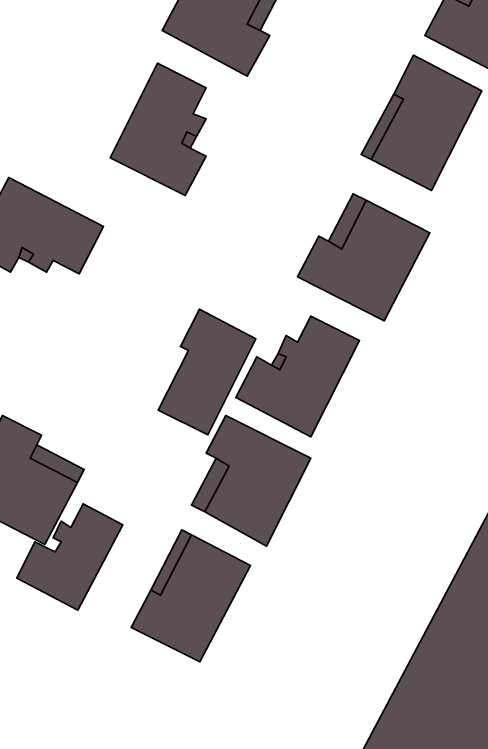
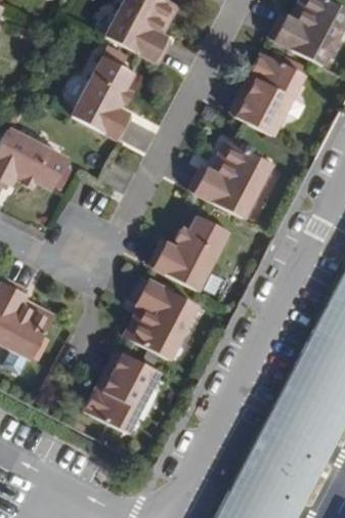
building: [158,309,256,435] -> none
building: [17,504,123,610] -> none

